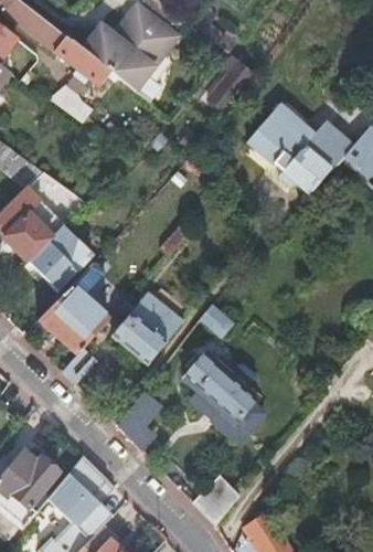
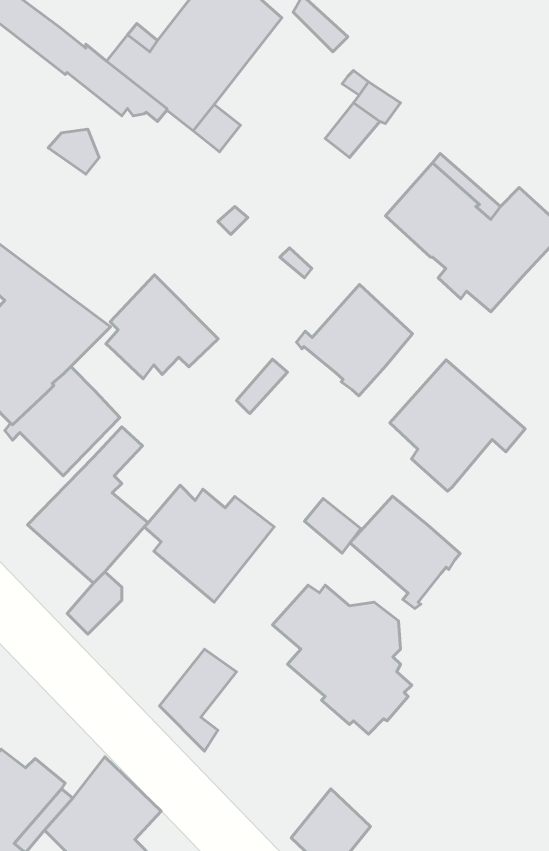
building: none -> [106,275,218,379]
building: none -> [297,284,413,396]
building: none -> [390,360,525,491]
building: none -> [350,496,460,609]

